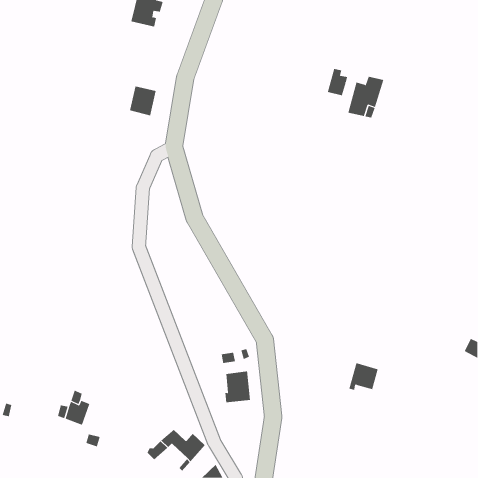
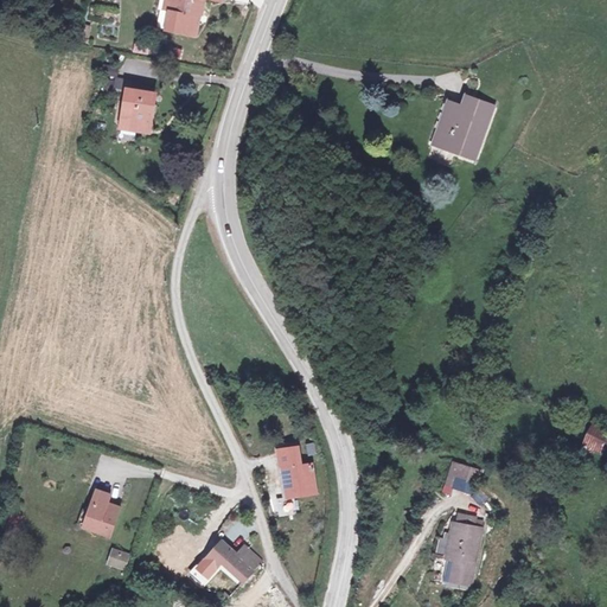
building: [327,68,348,96] -> none
building: [129,86,157,116] -> [123,90,158,128]
building: none -> [442,526,480,588]

